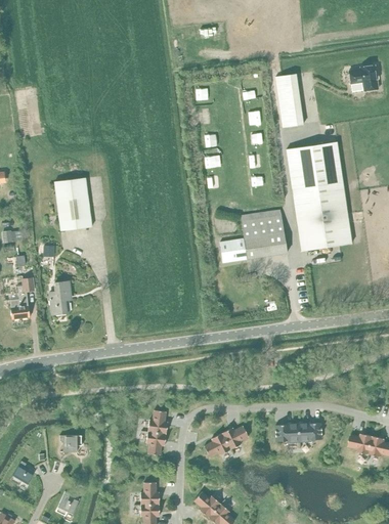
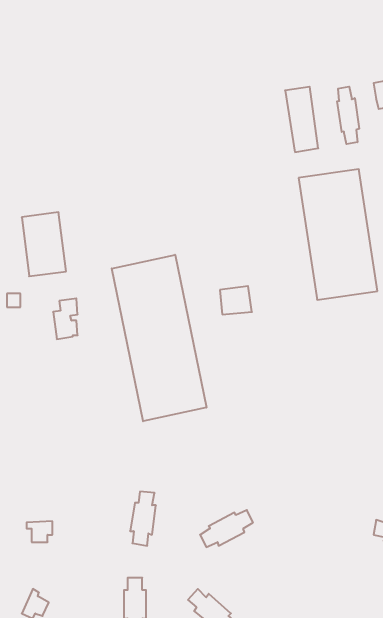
building: none -> [337,87,359,144]
building: [241,210,290,261] -> none
building: none -> [112,255,206,421]
building: [49,281,70,315] -> [53,298,78,339]
building: [275,422,320,442] -> none

